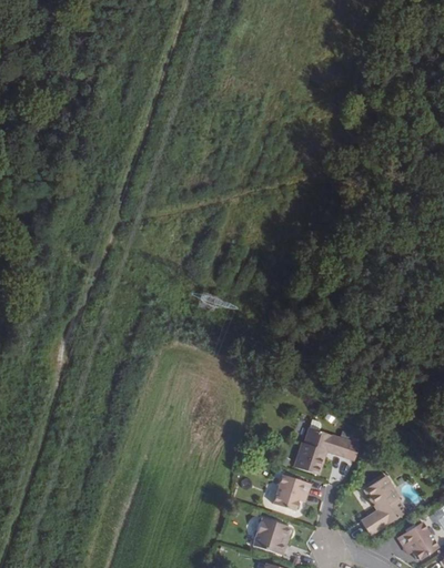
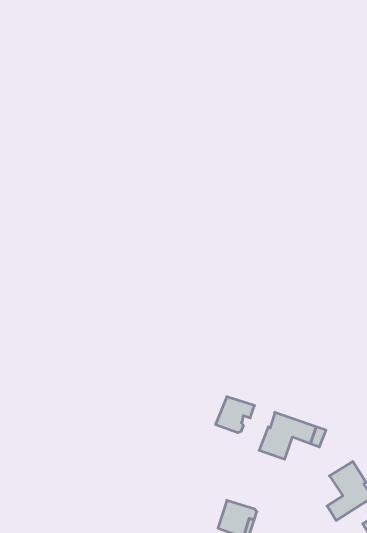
building: [266,473,305,508] -> [216,397,255,432]

